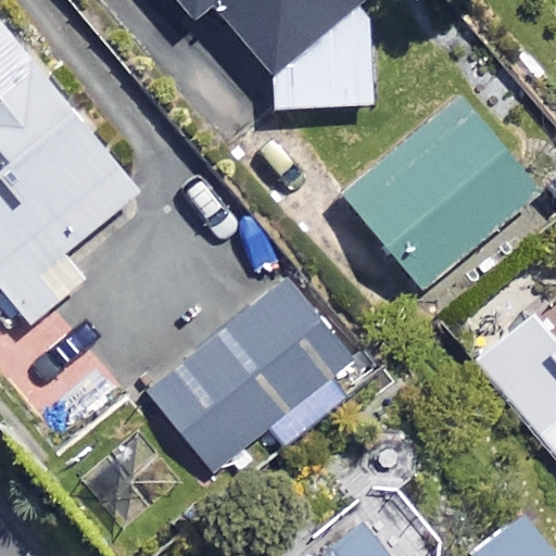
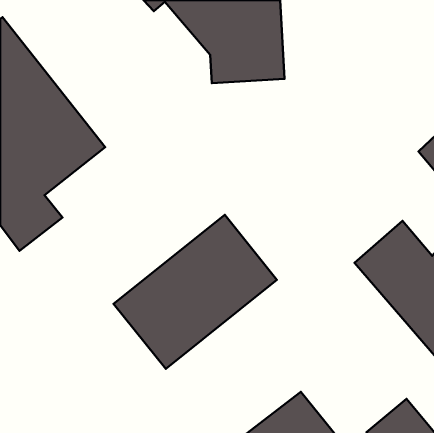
building: [341,89,544,289] -> none

